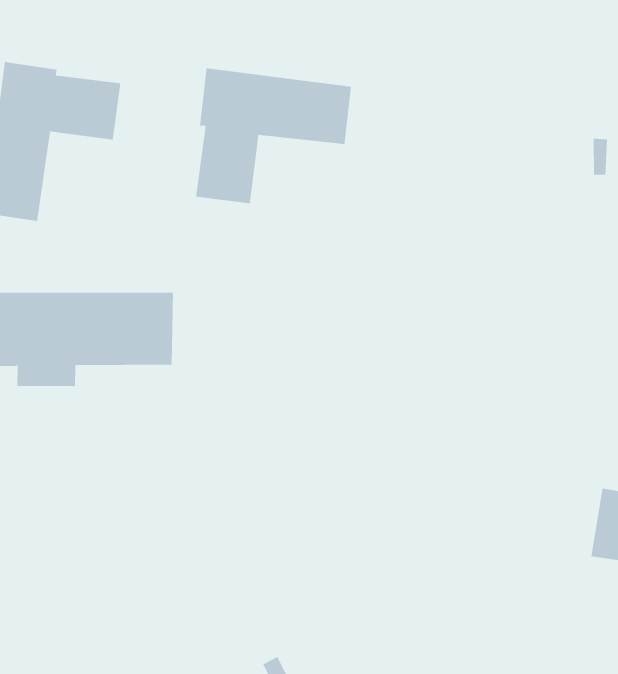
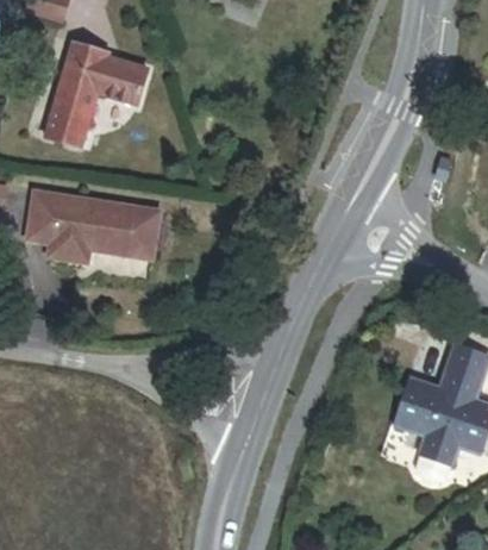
building: [196,67,351,204] -> none

